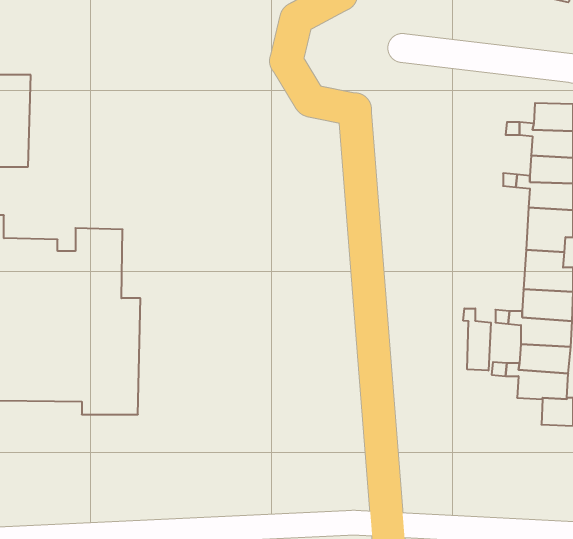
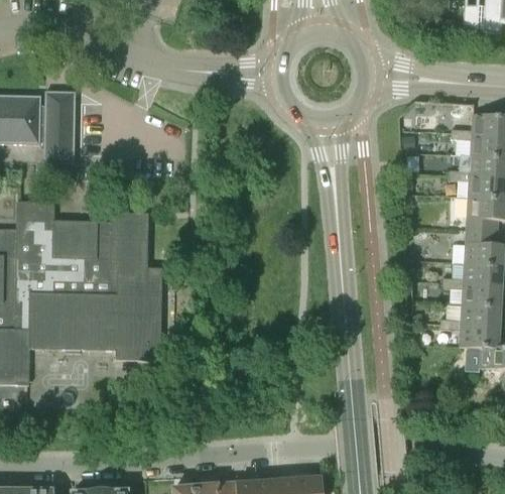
building: [463,308,491,371] -> none

